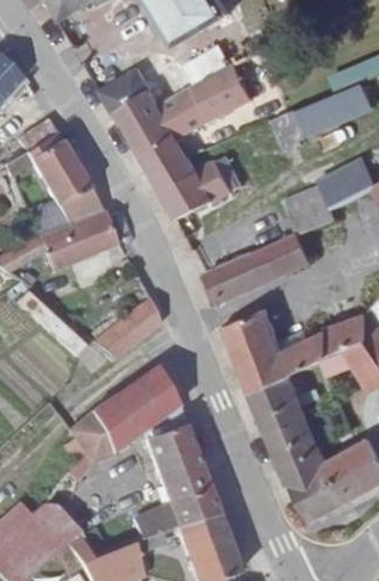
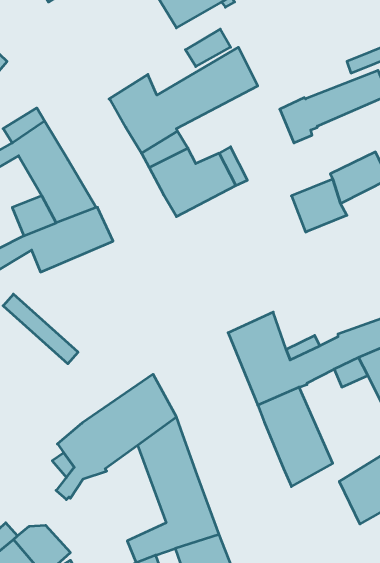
building: [101,68,153,115] -> none
building: [207,233,313,304] -> none
building: [92,297,162,361] -> none
building: [285,447,348,521] -> none

